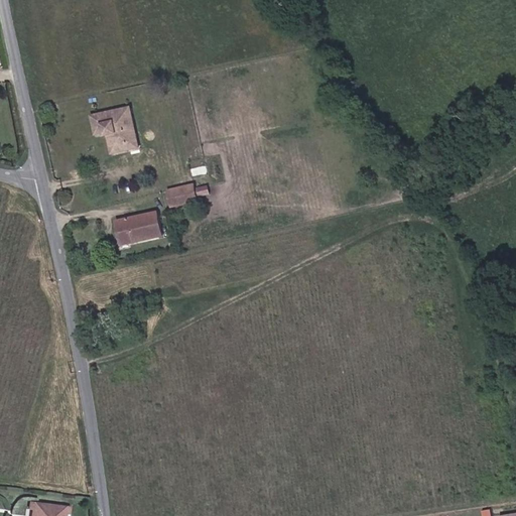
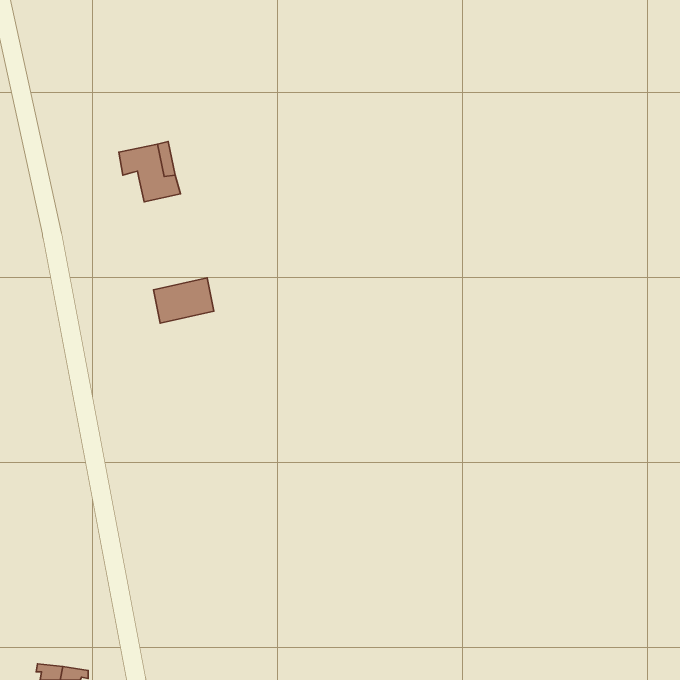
building: [167,182,198,206] -> none

